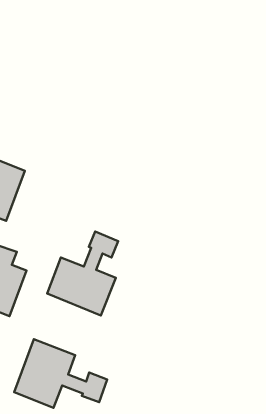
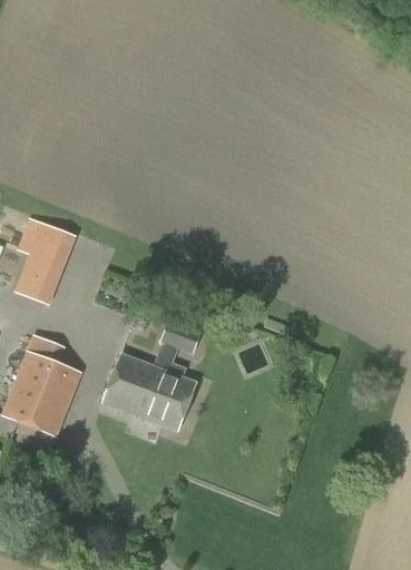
building: [14,339,107,408] -> none

